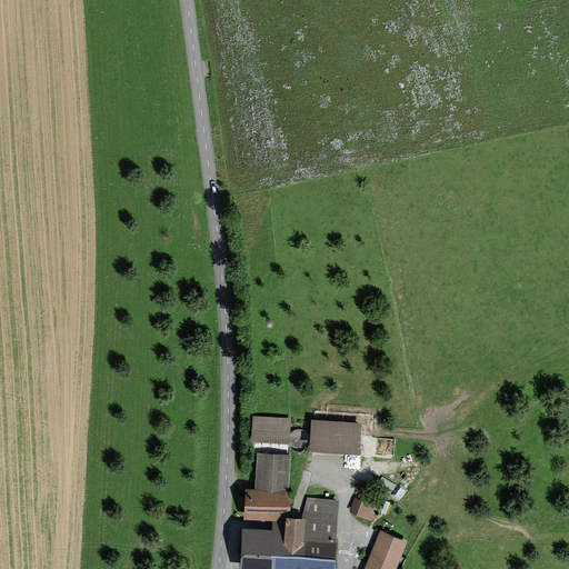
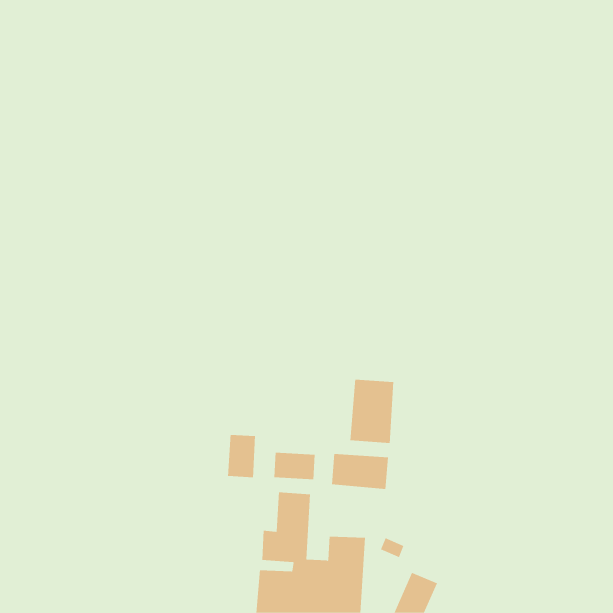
building: none -> [350,379,394,444]
building: none -> [227,434,255,478]

